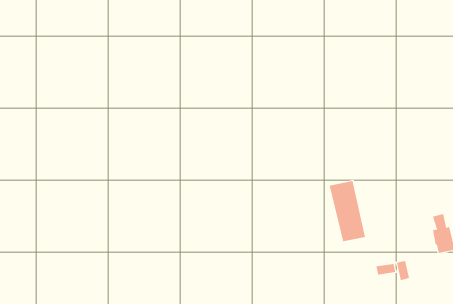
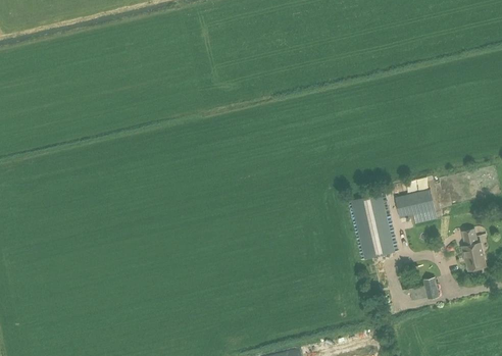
building: none -> [394,191,436,224]

